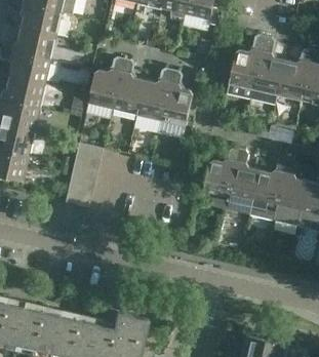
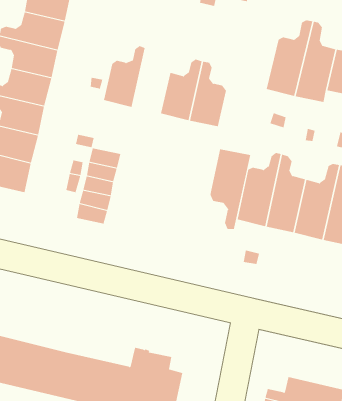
building: [113,58,145,114] -> none
building: none -> [210,148,251,230]

